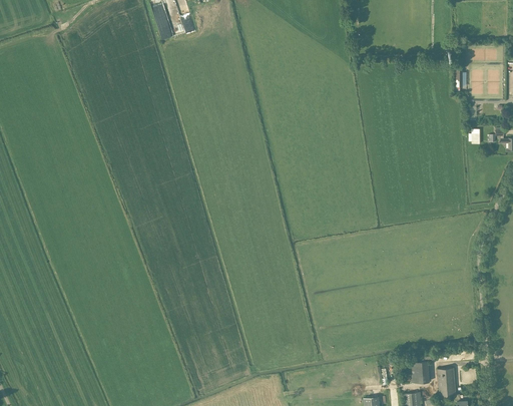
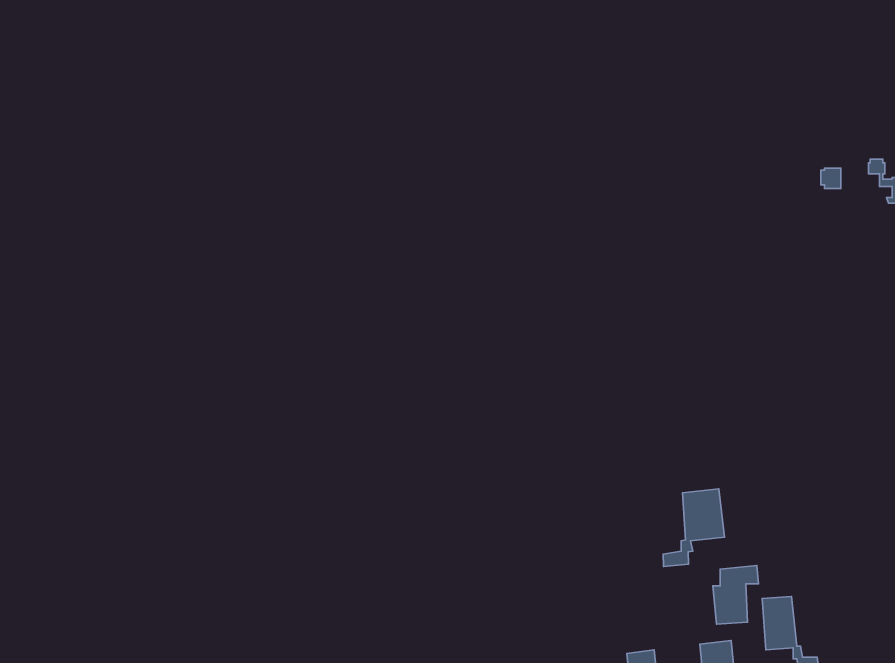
building: none -> [663,489,725,566]

